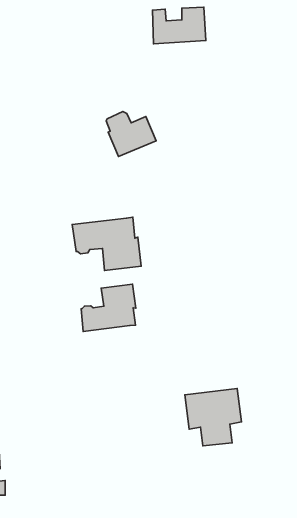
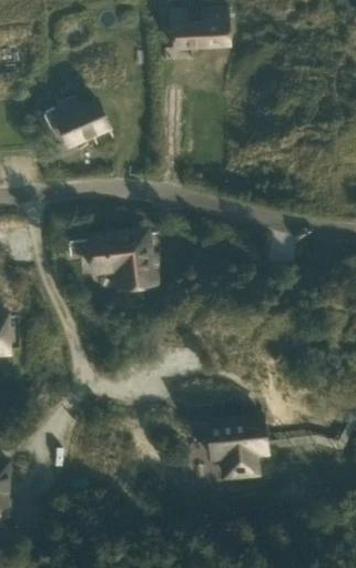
building: [106,111,156,156] -> [53,98,106,145]
building: [81,284,136,331] -> none

